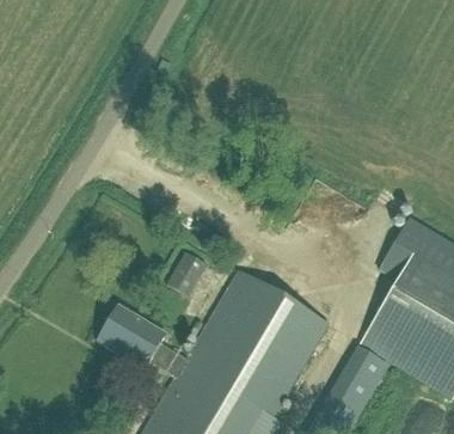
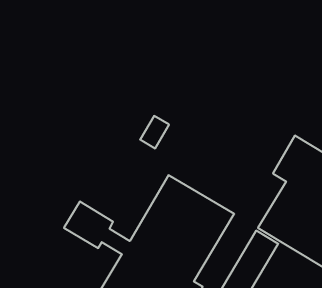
building: [168,250,208,294] -> [140,116,169,148]

